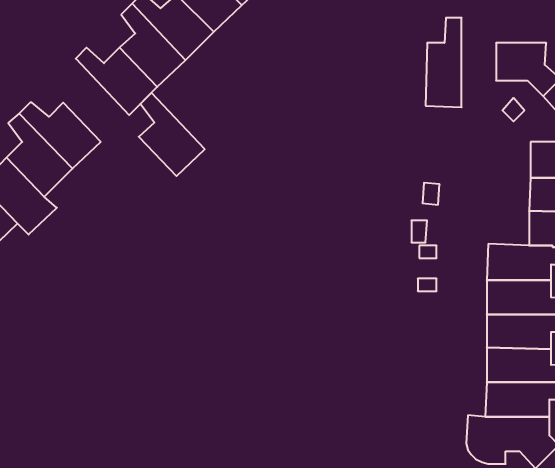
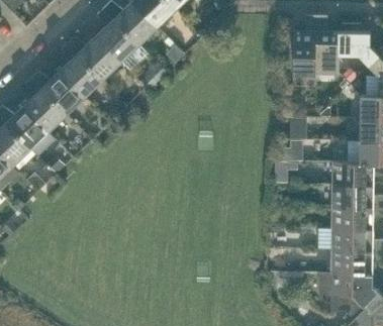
building: none -> [315,17,338,75]
building: [139,93,205,176] -> [59,43,101,97]

